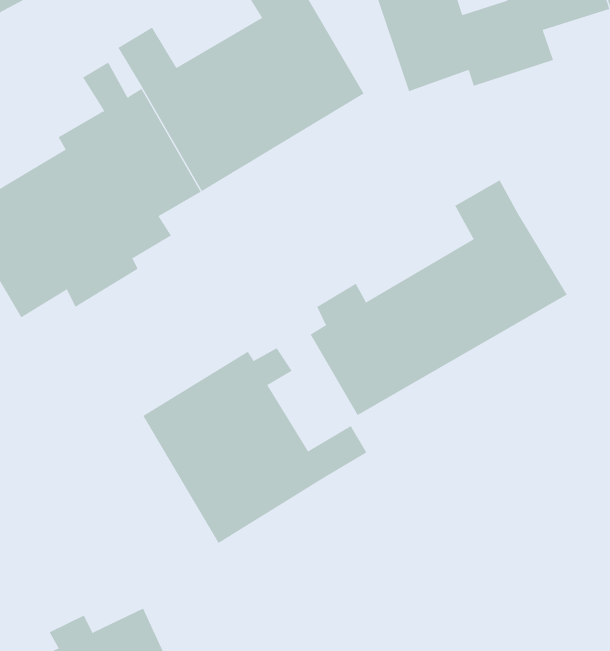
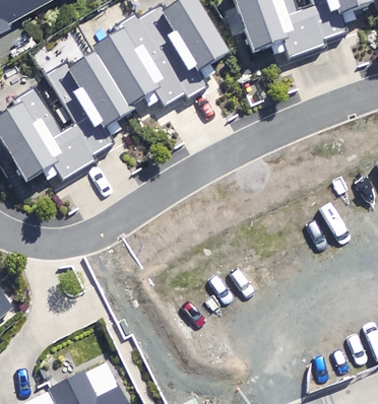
building: [310,179,567,416] -> none
building: [143,347,367,544] -> none

